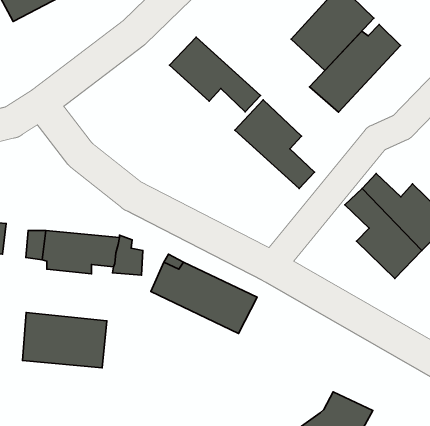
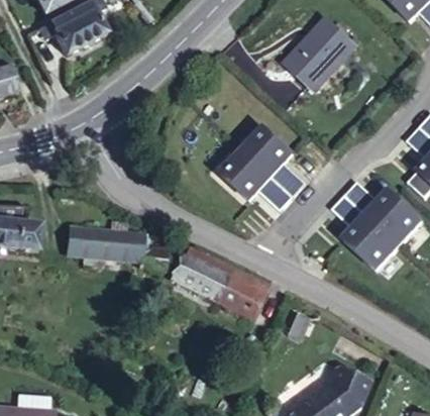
building: [310,24,400,112] -> none
building: [169,37,260,112] -> [223,141,302,206]
building: [22,312,107,368] -> none

